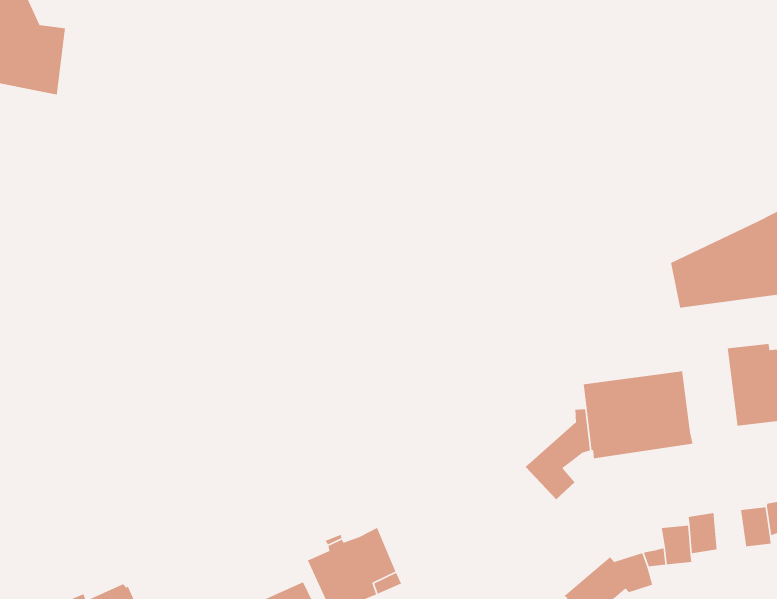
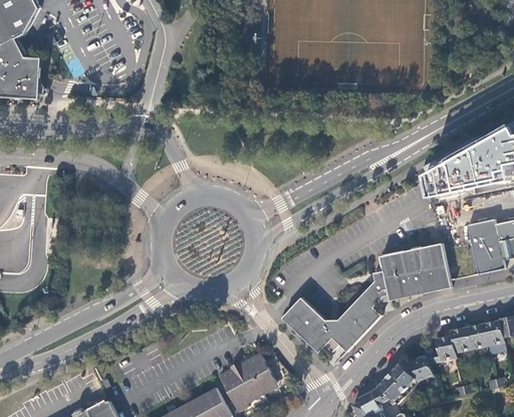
building: none -> [282,296,368,351]
building: none -> [467,324,488,350]

